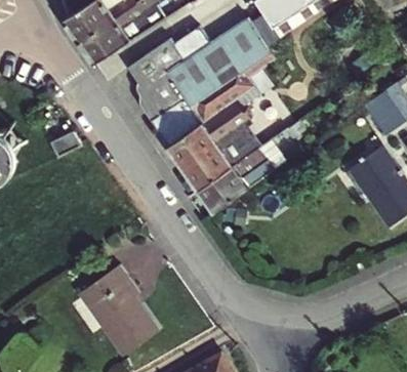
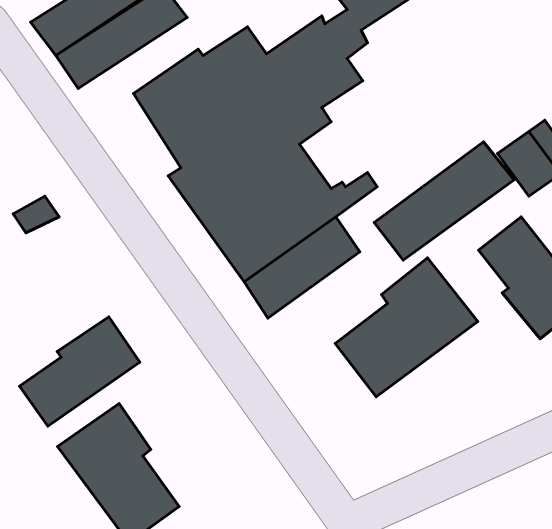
building: none -> [374,142,514,260]
building: none -> [335,258,478,397]
building: none -> [20,317,140,426]

